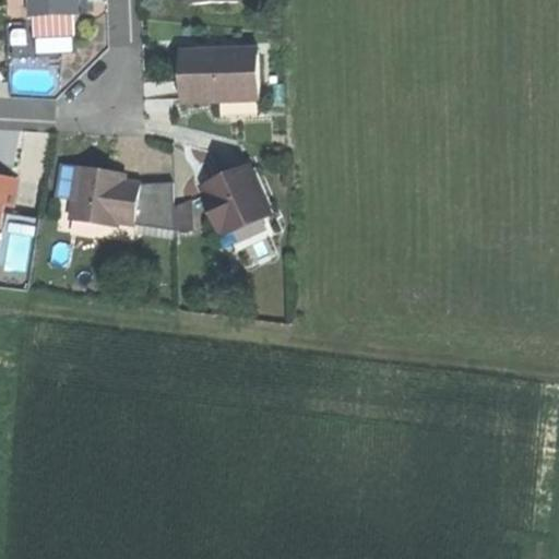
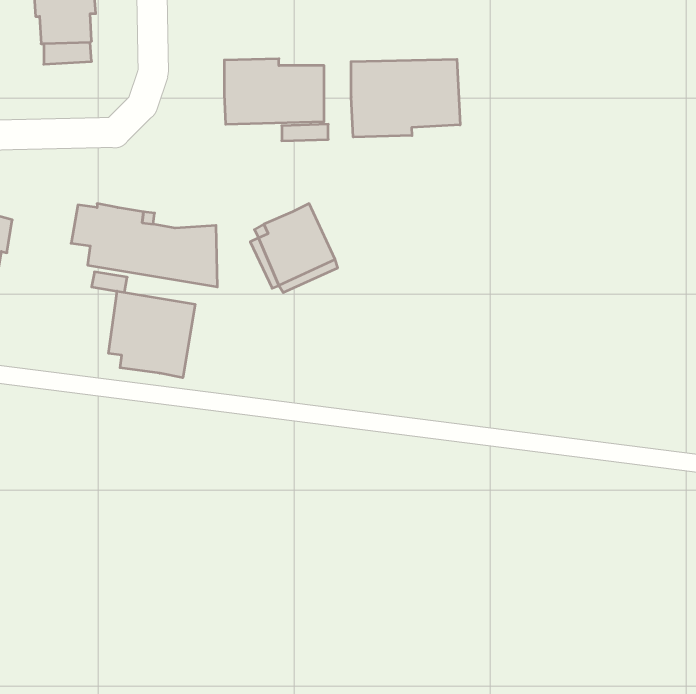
building: none -> [351,59,460,137]
building: none -> [109,291,195,378]

